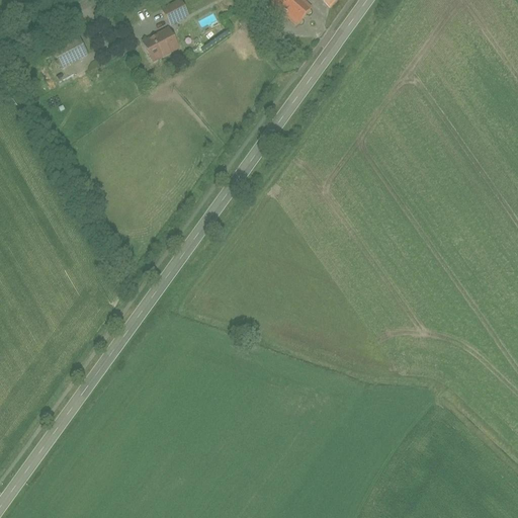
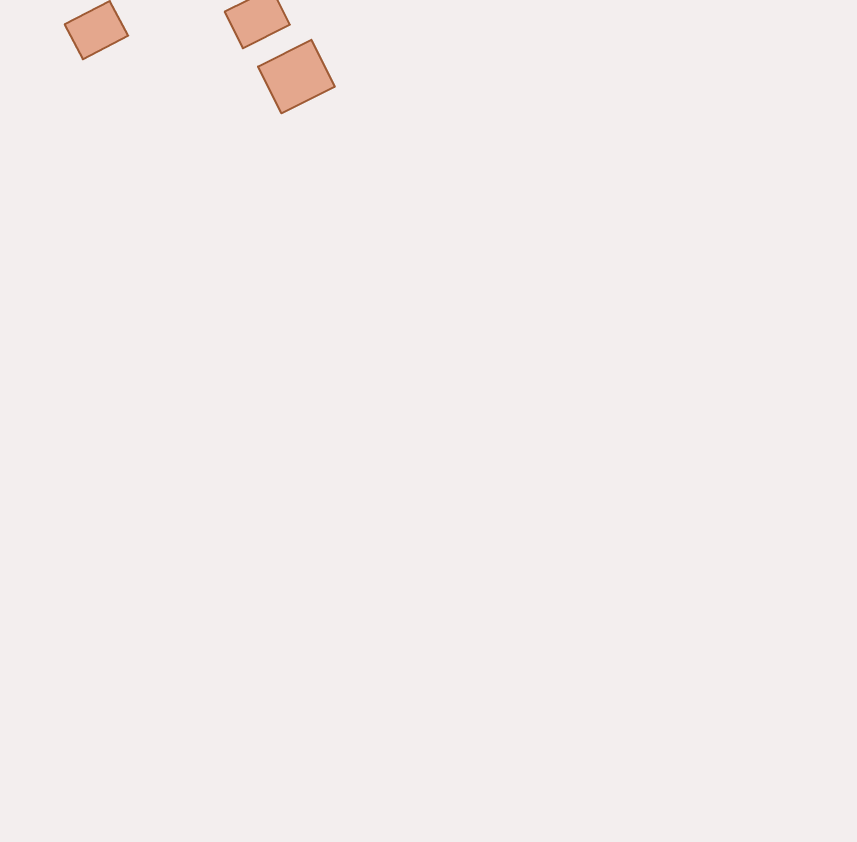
building: none -> [258,40,335,113]

